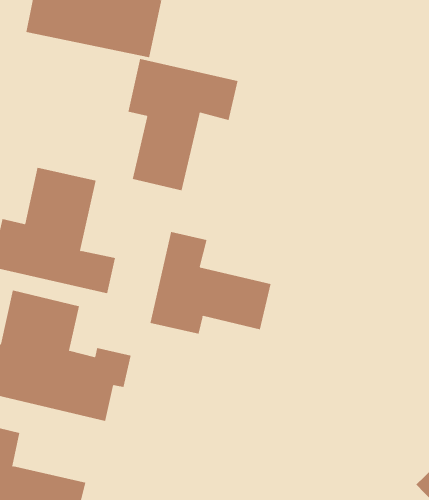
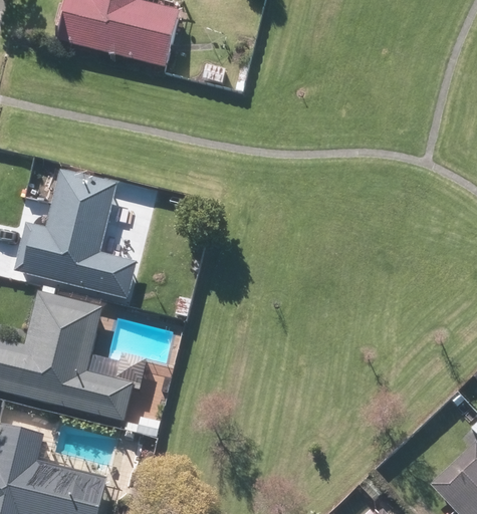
building: [128,58,238,191] -> none
building: [150,231,271,334] -> none

